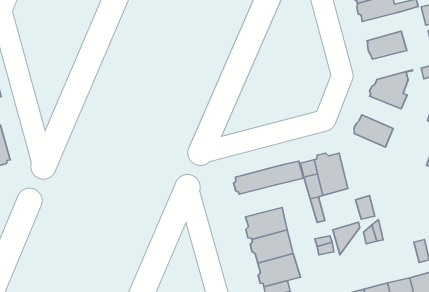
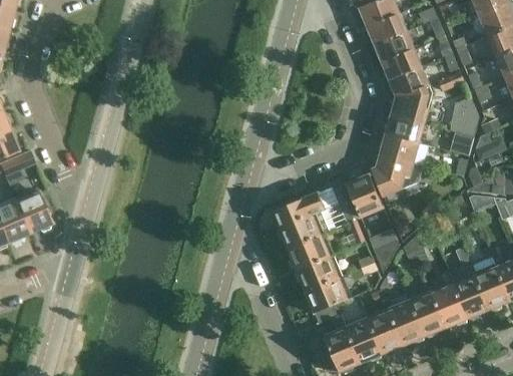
building: none -> [374,30,413,61]
building: none -> [389,65,429,97]
building: none -> [386,114,423,142]
building: none -> [371,152,422,196]
building: none -> [277,213,321,248]

